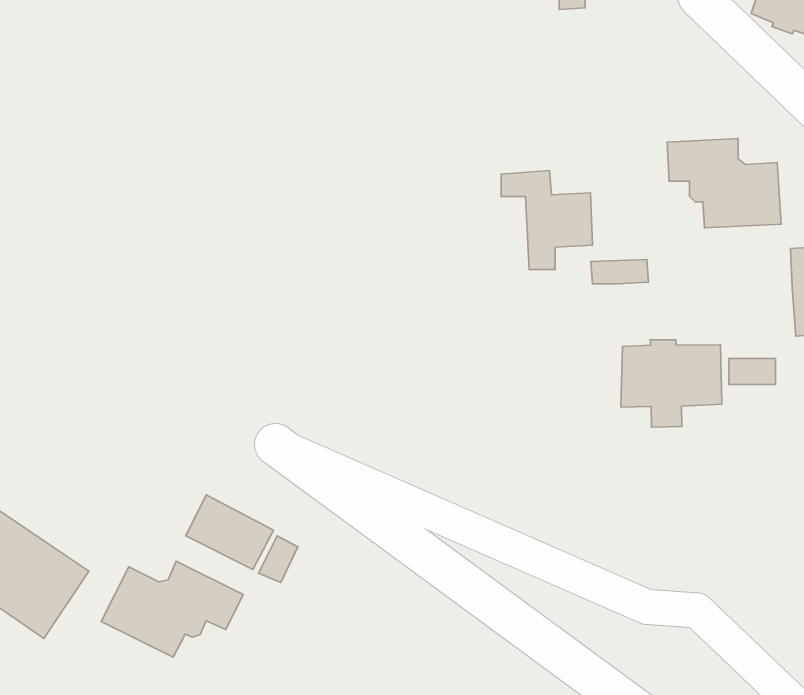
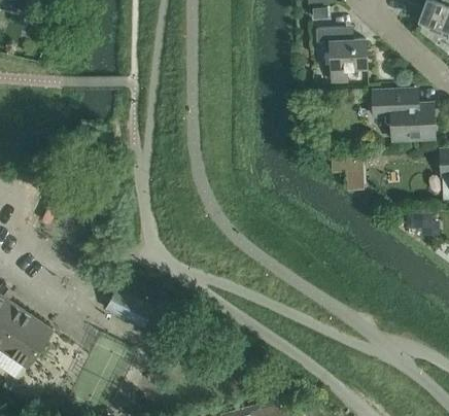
building: [501,171,593,269] -> [316,28,367,82]
building: [621,340,722,427] -> none
building: [101,561,243,657] -> none

